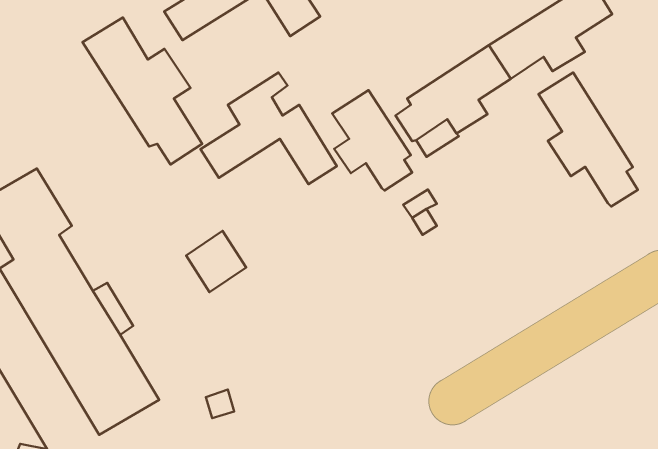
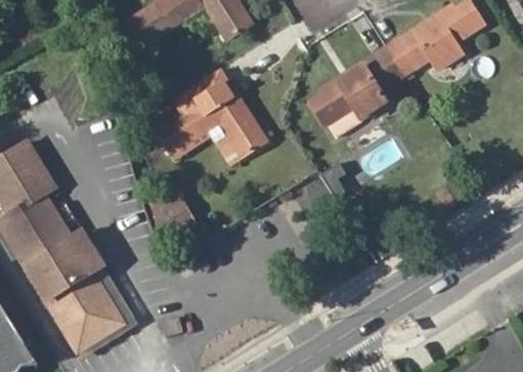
building: [83,18,202,164] -> none
building: [538,72,638,207] -> none
building: [332,90,412,190] -> none

